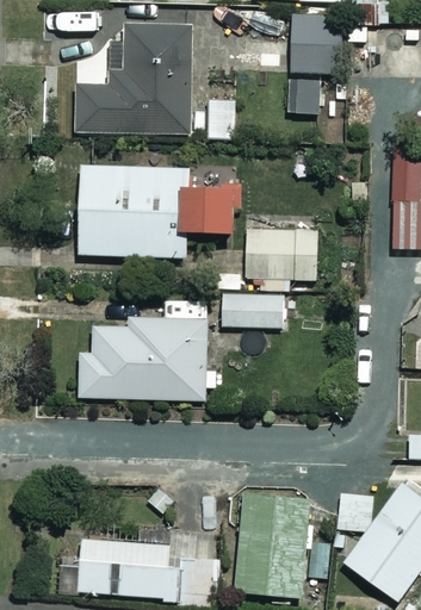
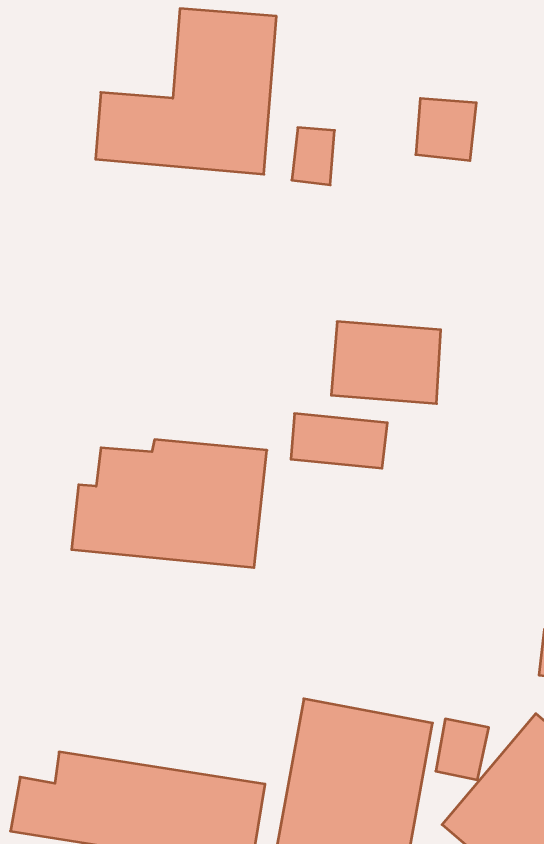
building: [290,12,341,74] -> none
building: [79,166,236,259] -> none

